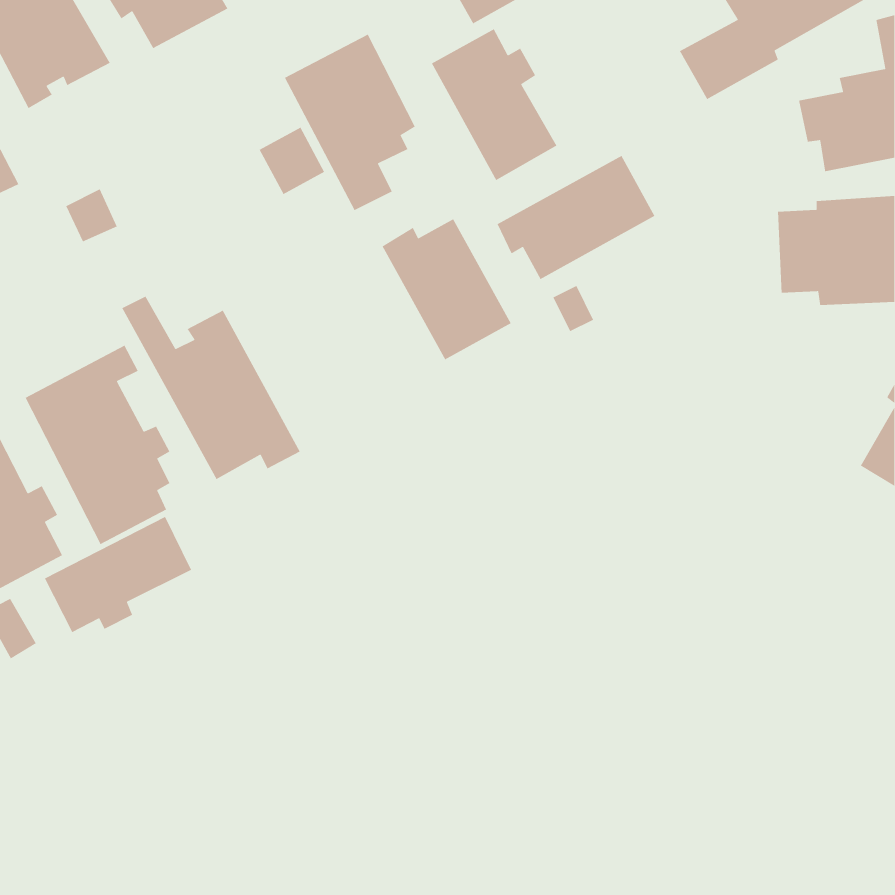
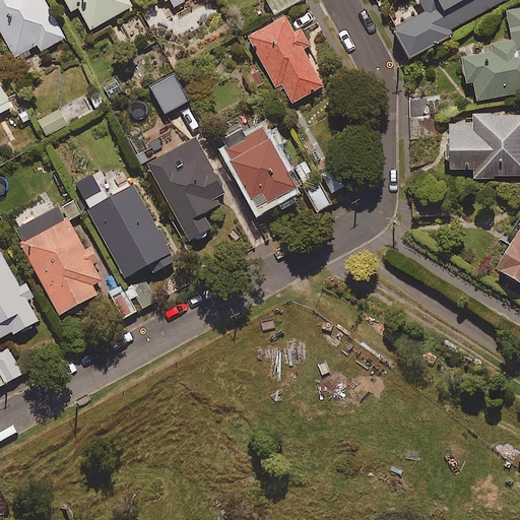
building: [284,34,416,211] -> [147,137,223,240]
building: [496,155,655,280] -> none
building: [44,516,192,633] -> none

